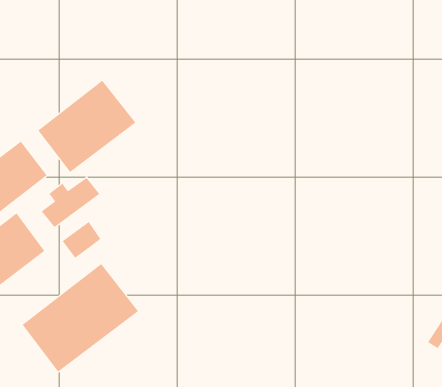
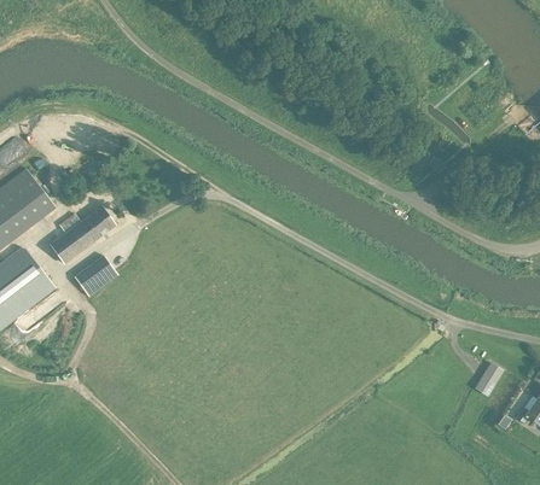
building: [37,80,136,173] -> none
building: [22,263,139,372] -> none

